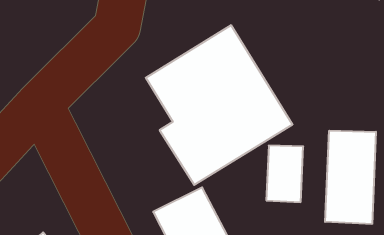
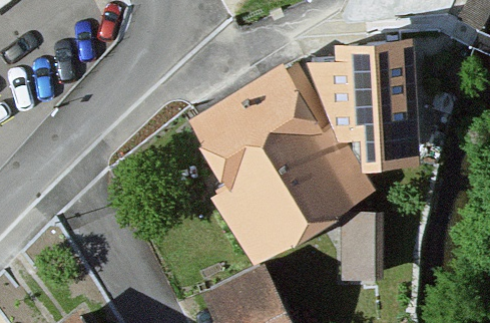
building: none -> [345,40,413,126]
building: [325,131,376,224] -> none

